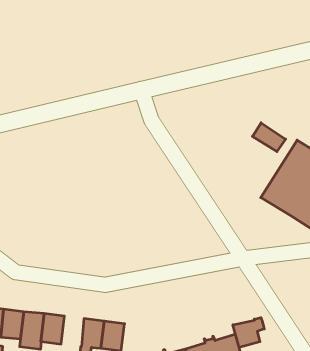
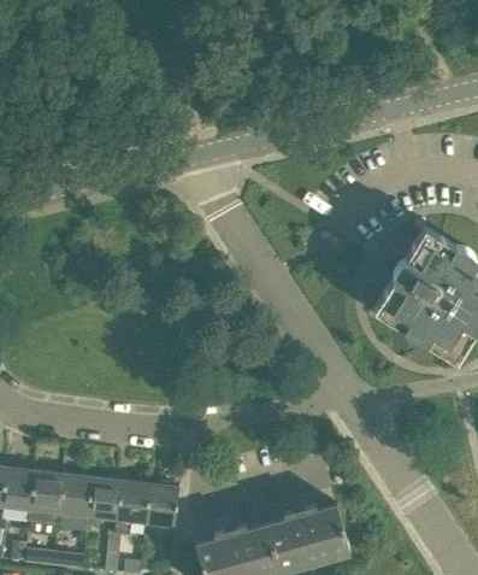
building: [252,123,286,152] -> none
building: none -> [88,477,120,521]
building: [233,318,264,347] -> none

